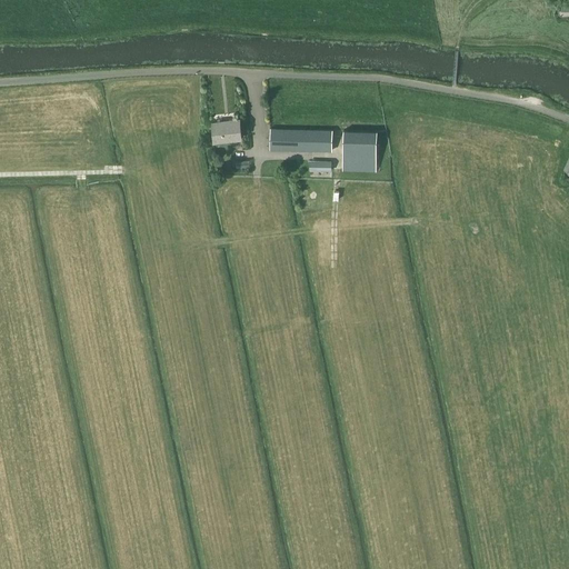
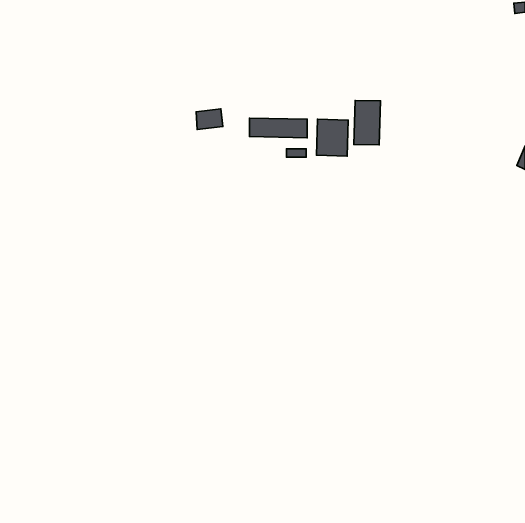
building: none -> [354,100,381,145]

